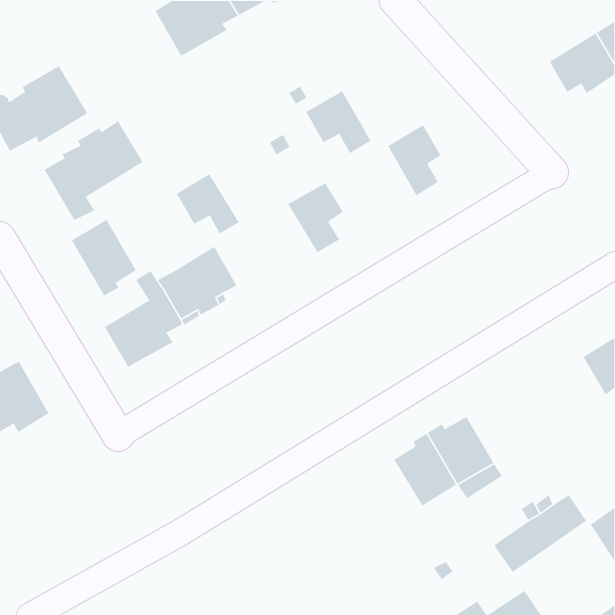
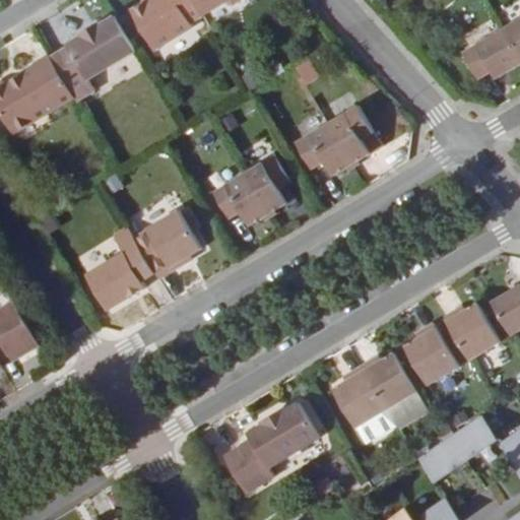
building: [305,90,371,154] -> [295,124,350,178]
building: [43,120,143,221] -> [50,14,134,100]
building: [176,173,240,235] -> [213,173,267,224]
building: [71,219,137,297] -> none
building: none -> [442,302,498,360]
building: none -> [403,324,457,386]
building: none -> [223,403,321,494]

